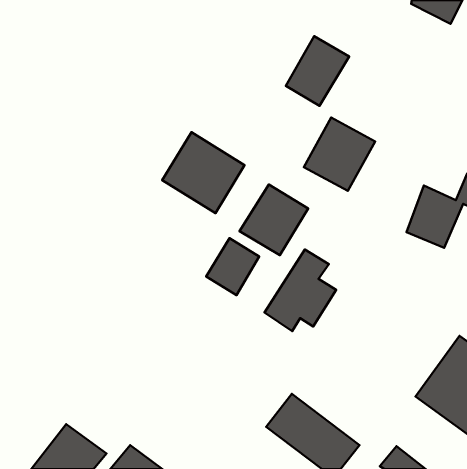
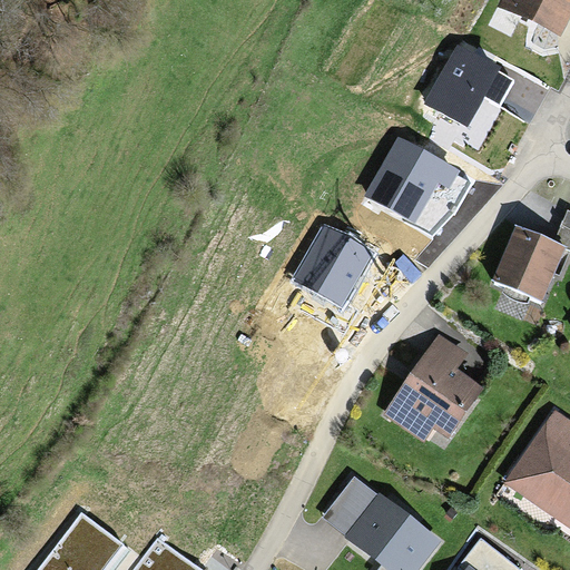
building: [286,36,349,106] -> [428,42,504,127]
building: [162,132,245,213] -> none
building: [206,238,259,295] -> none
building: [265,249,336,331] -> [389,342,475,441]

